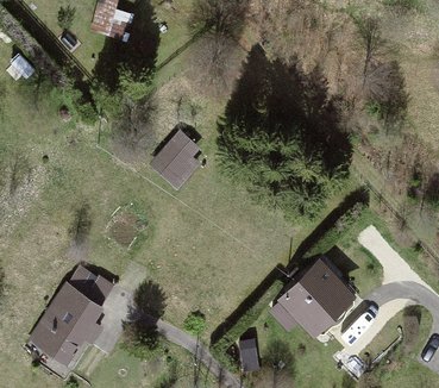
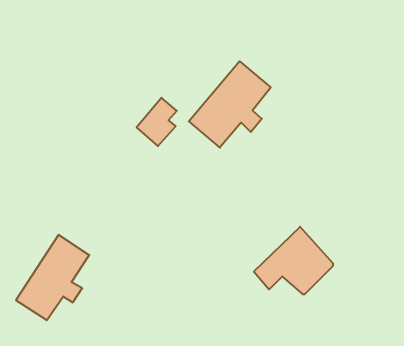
building: none -> [189,61,271,148]

